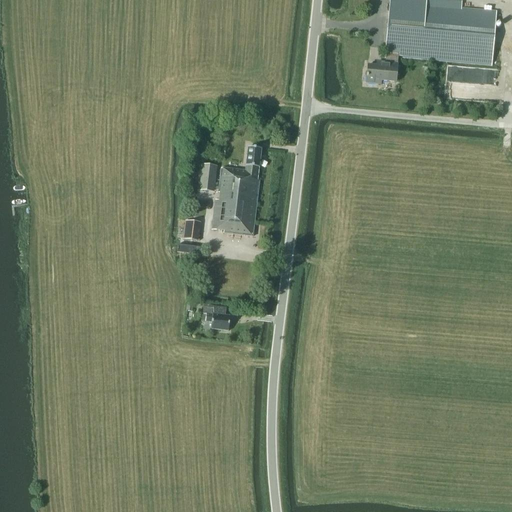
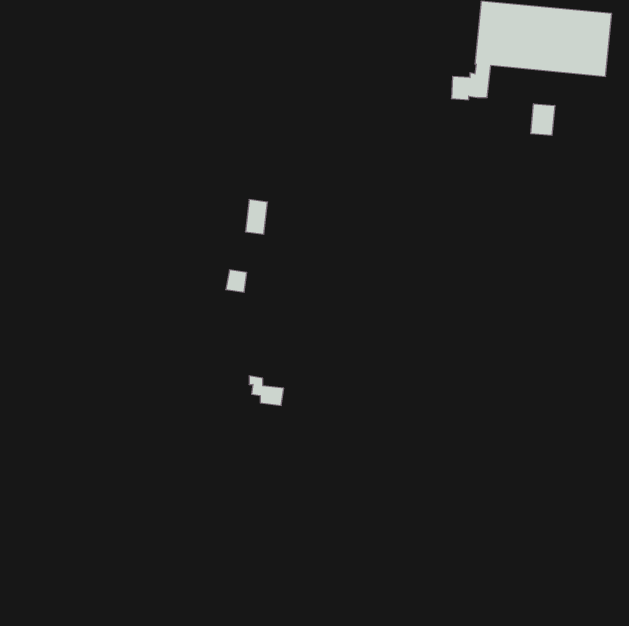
building: none -> [531,104,555,135]
building: [212,145,262,234] -> none

